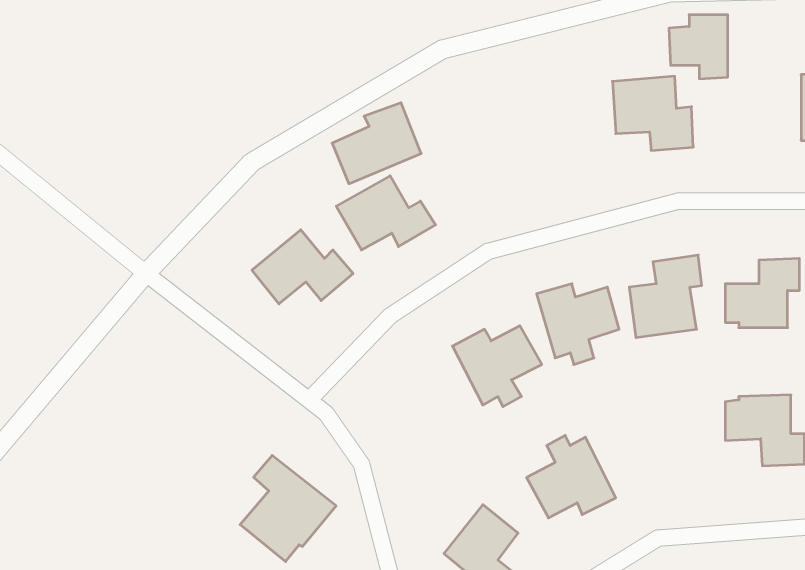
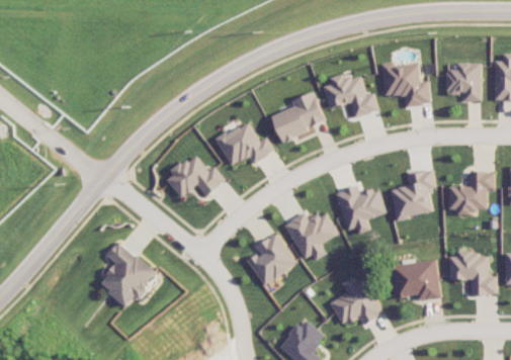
building: [669,15,728,79] -> [445,63,481,101]
building: none -> [324,73,378,117]
building: [332,103,421,184] -> [272,92,326,141]
building: none -> [248,233,297,285]
building: none -> [392,259,441,301]
building: [240,455,336,562] -> [100,243,158,306]

